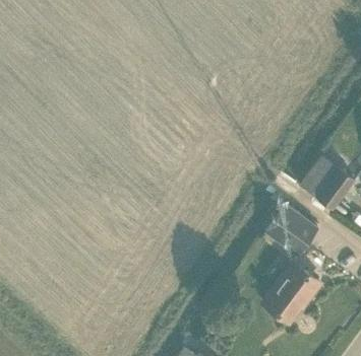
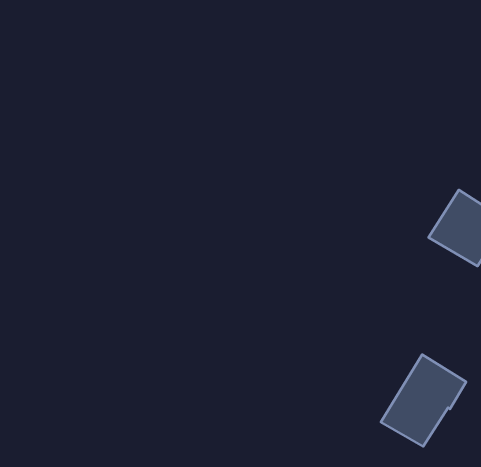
building: [264,204,318,257] -> none

